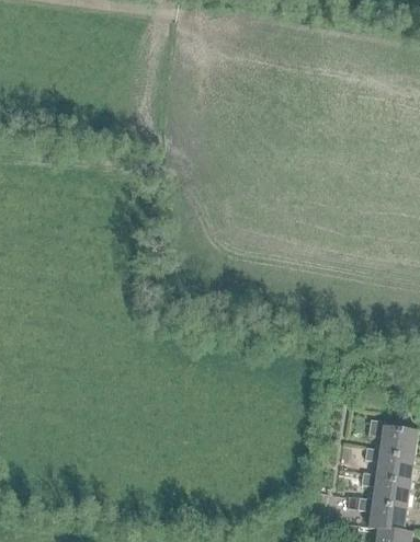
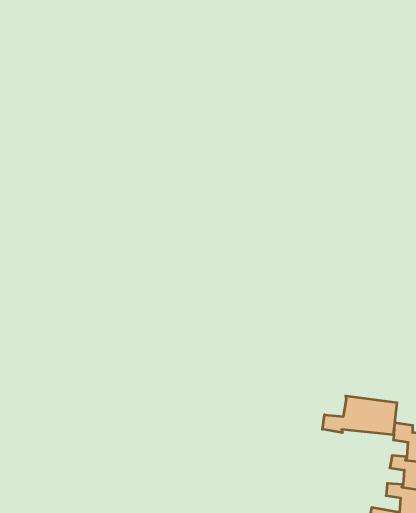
building: none -> [322,396,397,435]

